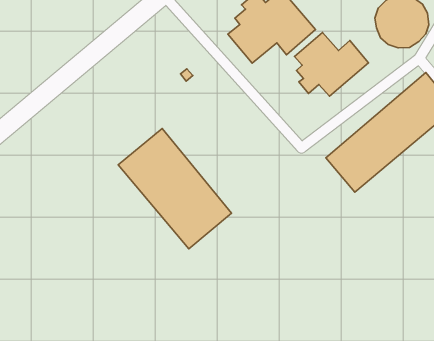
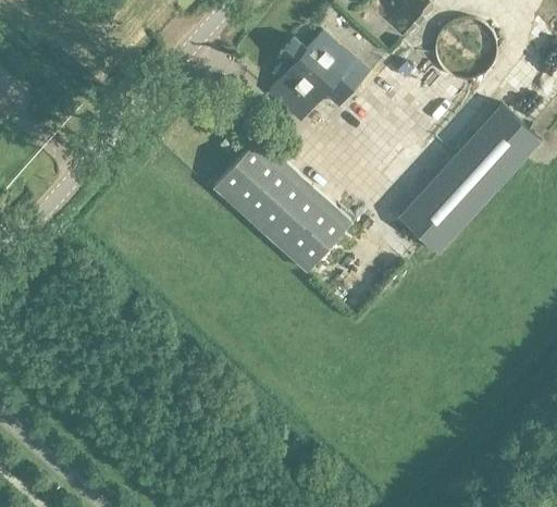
building: [295,32,368,96] -> none
building: [118,129,232,249] -> [213,137,351,271]

